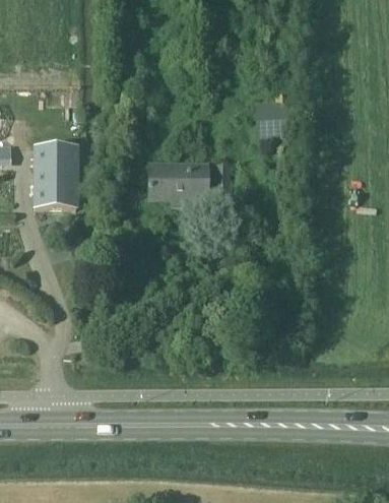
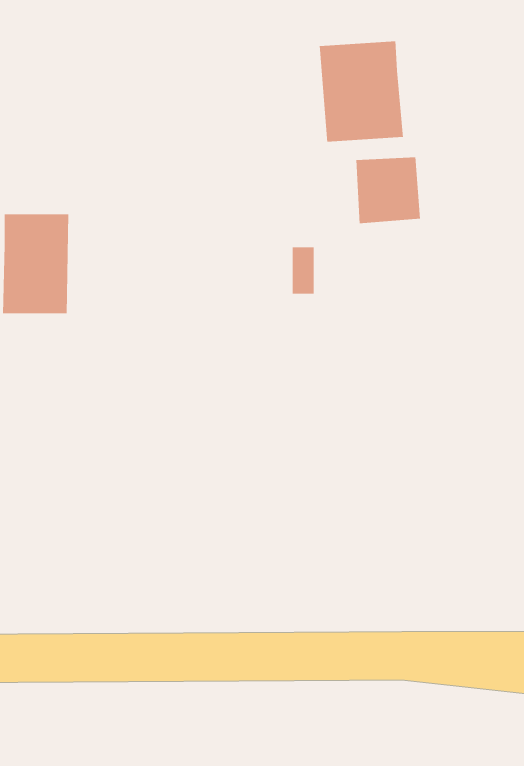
building: none -> [319,41,403,143]
building: [137,163,207,203] -> none

